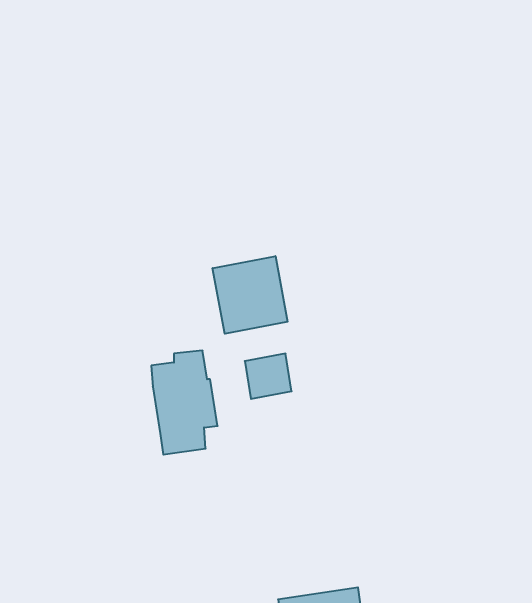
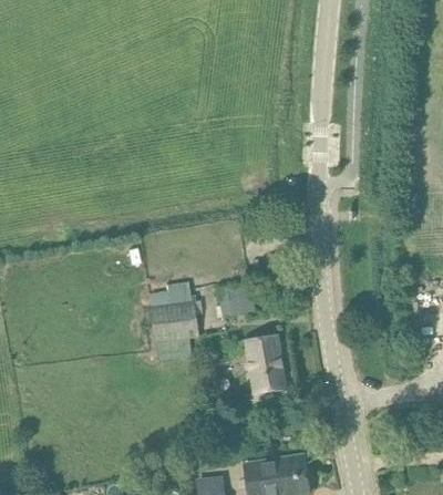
building: [213,256,288,334] -> none
building: none -> [243,334,286,395]

